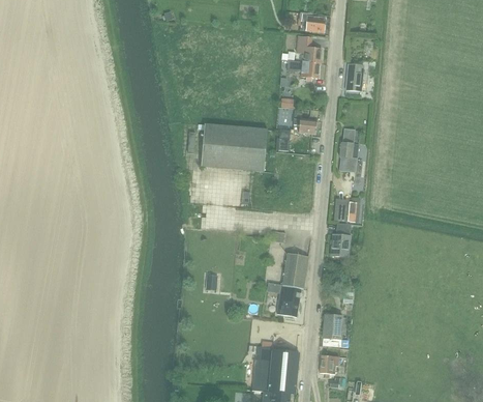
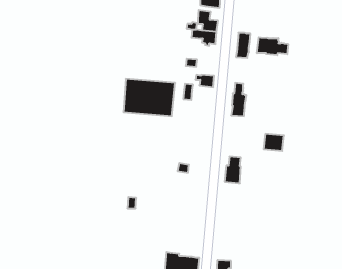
building: none -> [257,37,288,55]
building: [333,200,359,222] -> [264,134,284,151]
building: [276,253,307,316] -> none
building: [323,314,342,338] -> none

